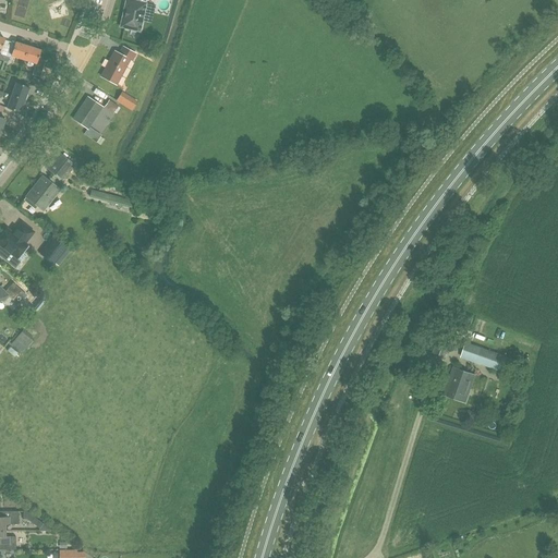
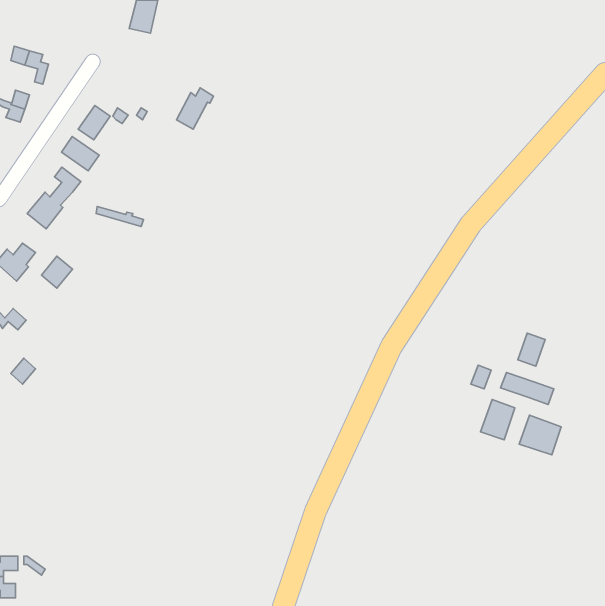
building: [100,47,134,85] -> [177,88,213,129]
building: none -> [62,137,99,171]
building: none -> [518,333,545,366]
building: none -> [519,415,561,455]

